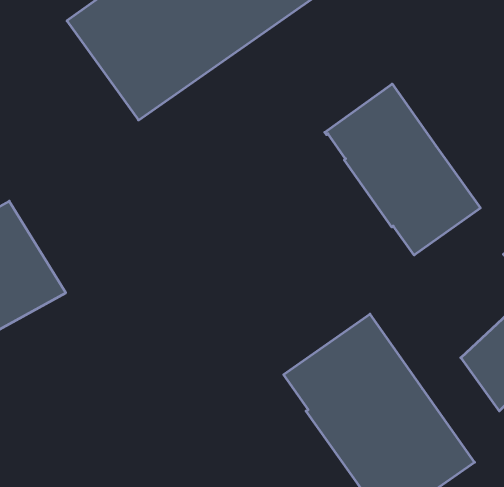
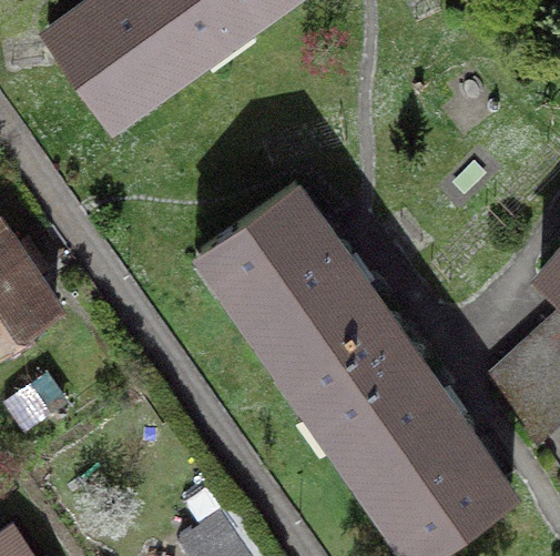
building: [325,84,480,255] -> none
building: none -> [190,181,389,396]

